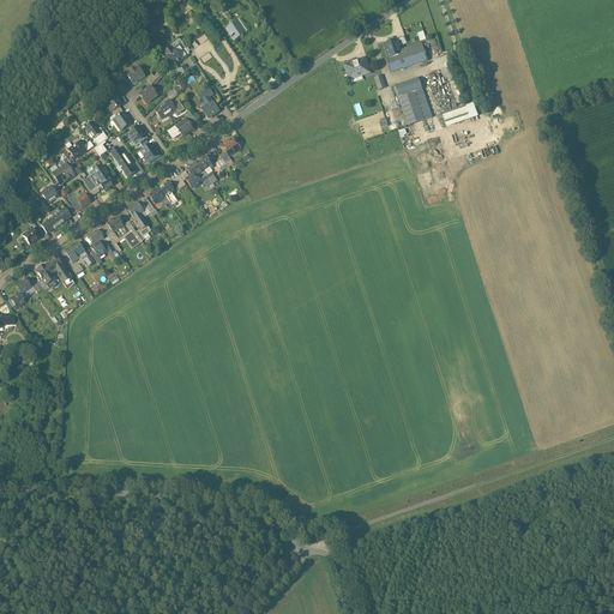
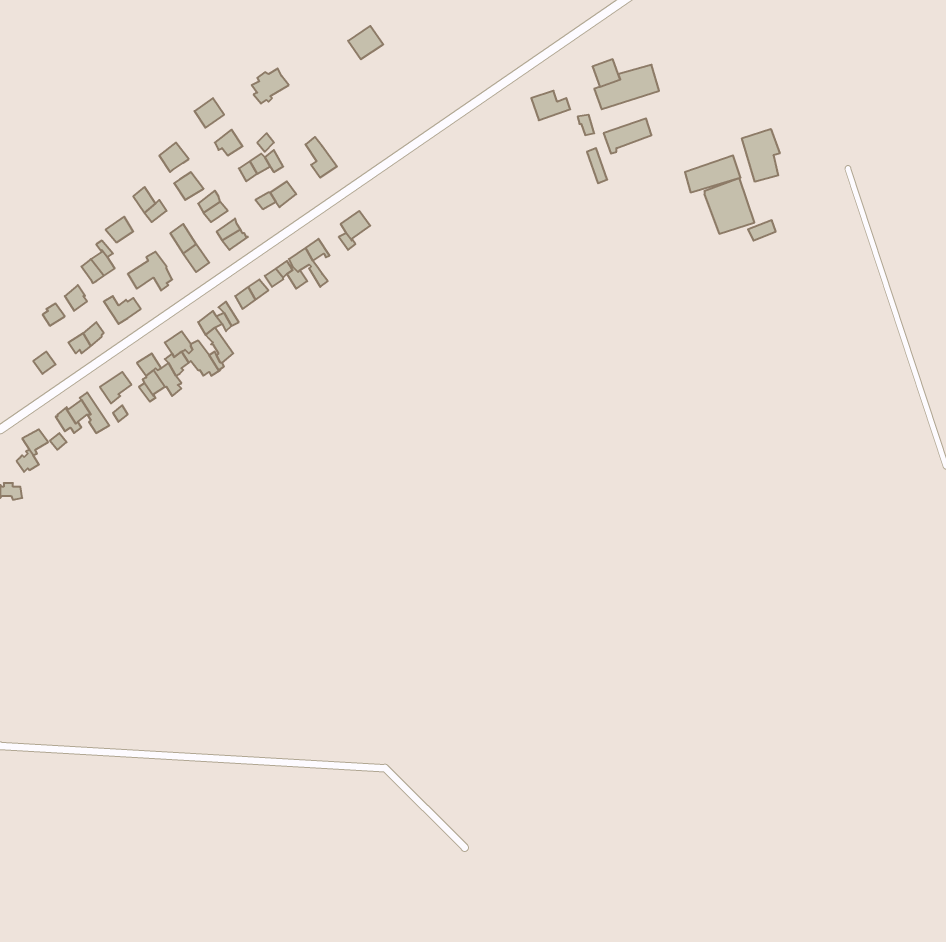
building: none -> [742,129,780,182]
building: [399,88,432,124] -> [704,178,754,234]

